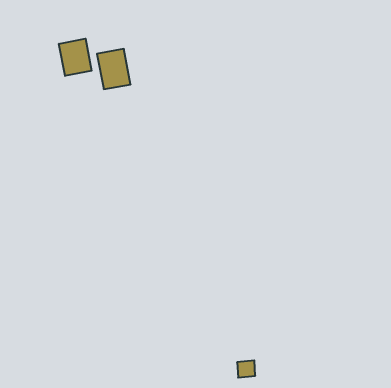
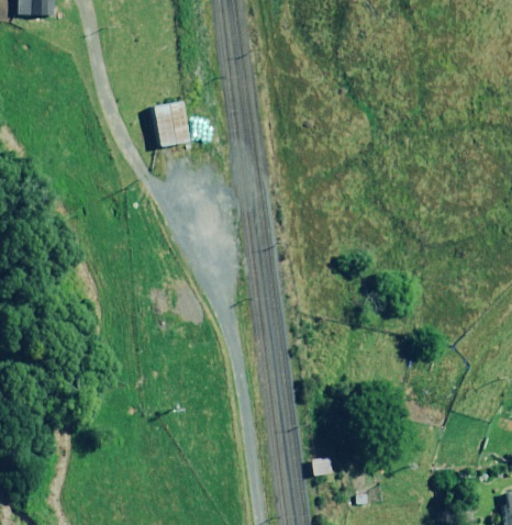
building: [59,39,92,76] -> none

